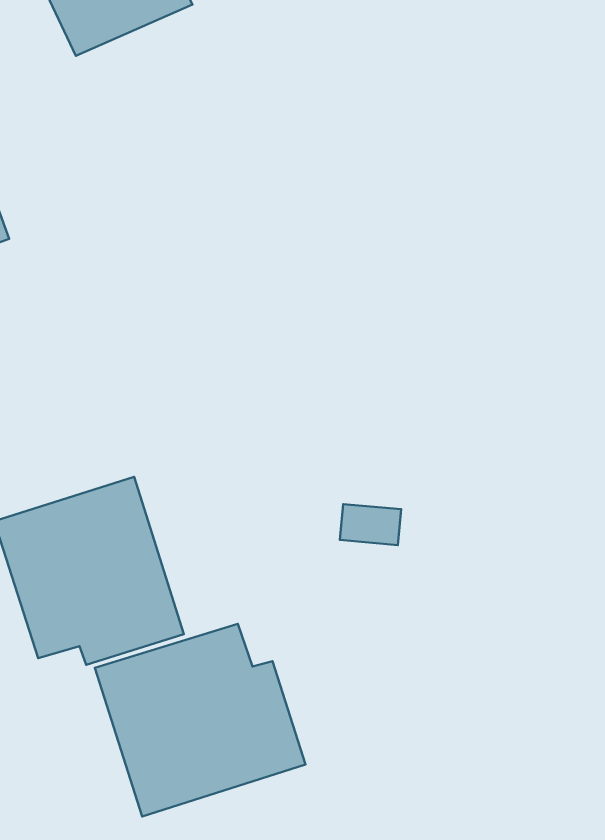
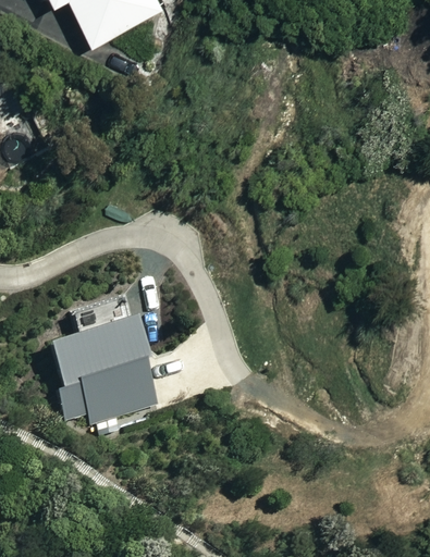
building: [95,624,305,817] -> none

